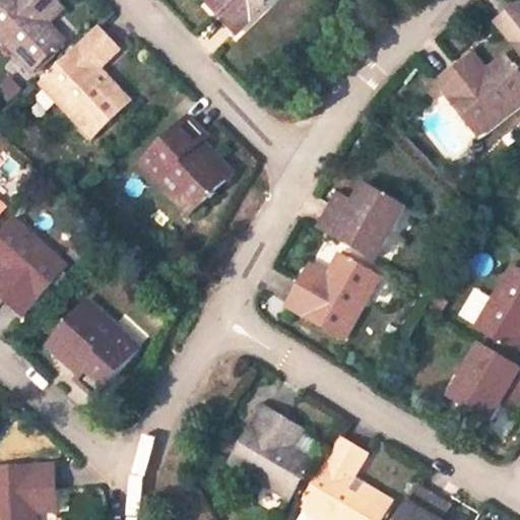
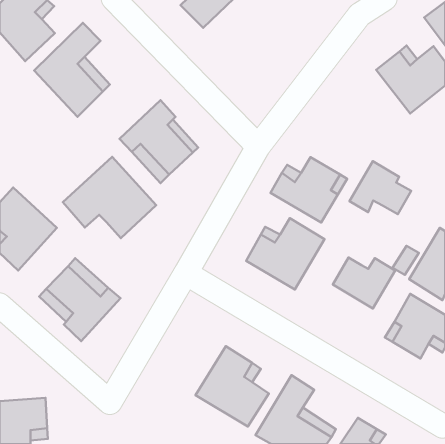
building: none -> [63,157,156,238]
building: none -> [350,161,411,214]
building: none -> [333,257,395,308]

